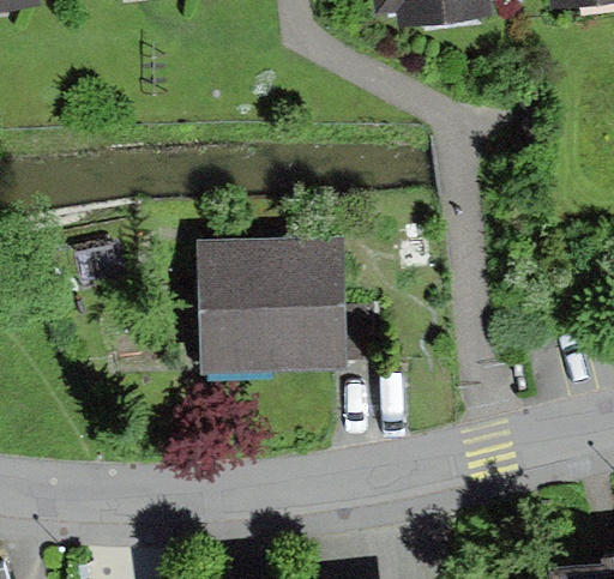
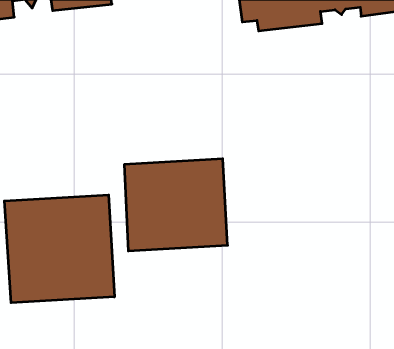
building: none -> [4,195,114,303]

